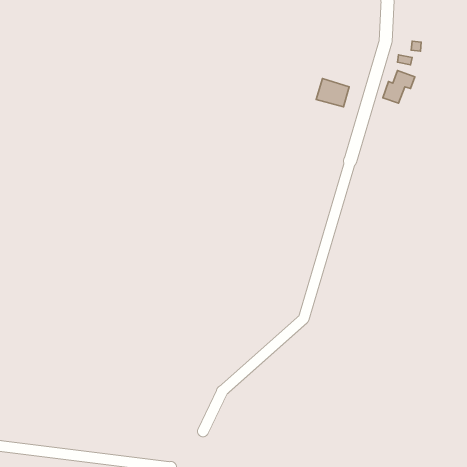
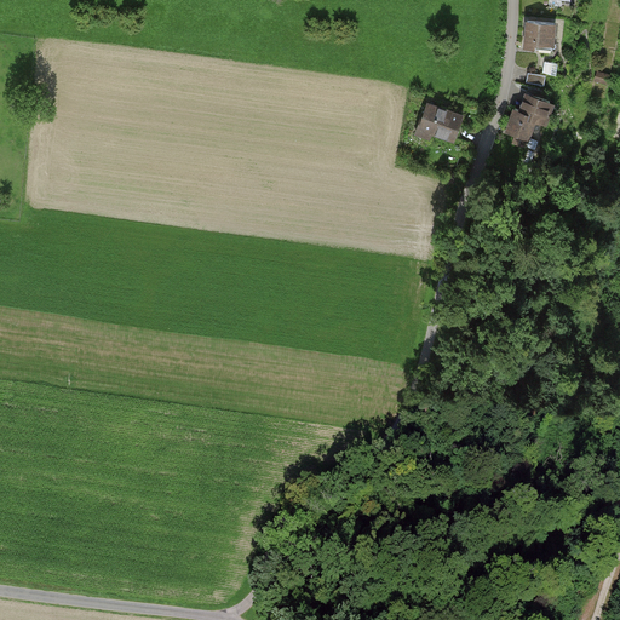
building: none -> [522,21,556,50]

